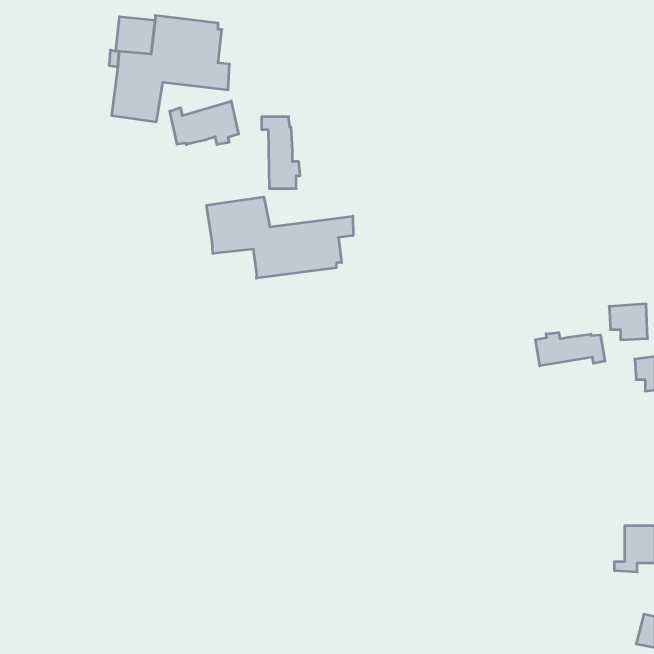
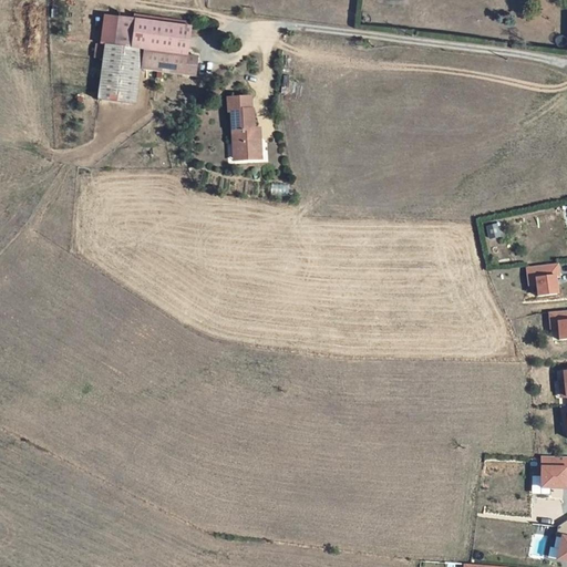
building: [170,101,239,145] -> none
building: [207,197,353,278] -> none
building: [535,333,605,366] -> none

